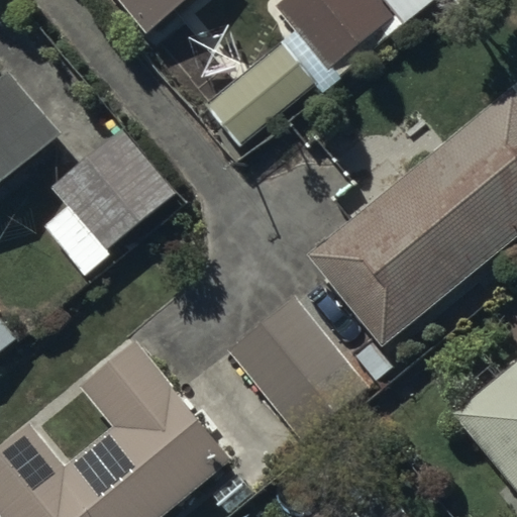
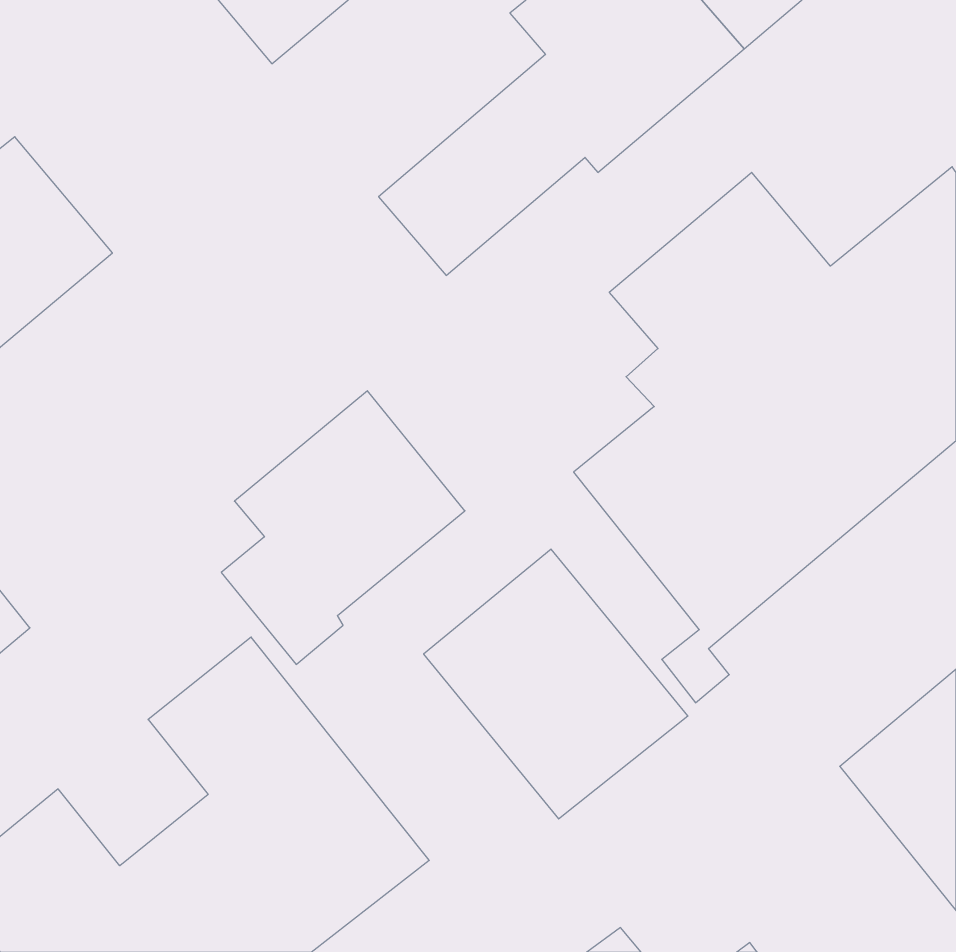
building: [44,128,176,276] -> [221,391,465,664]

